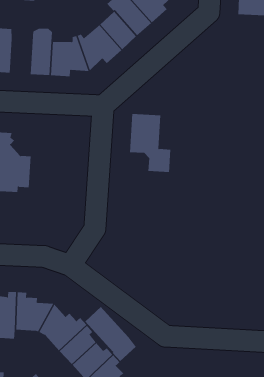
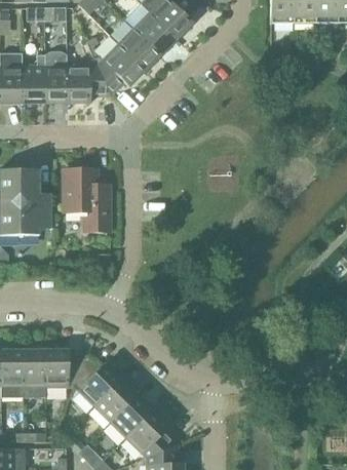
building: none -> [23,55,44,104]
building: [129,114,171,172] -> [64,169,110,232]
building: [84,306,137,362] -> none

